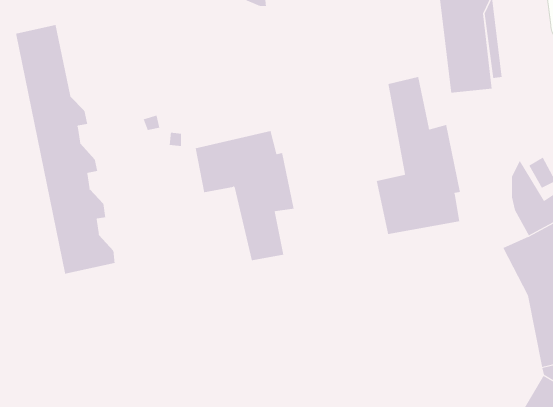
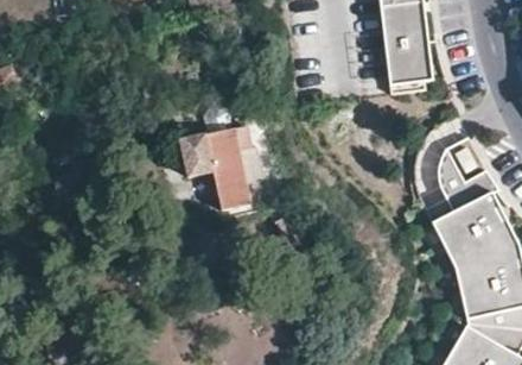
building: [15,24,115,274] -> none
building: [376,76,461,235] -> none

